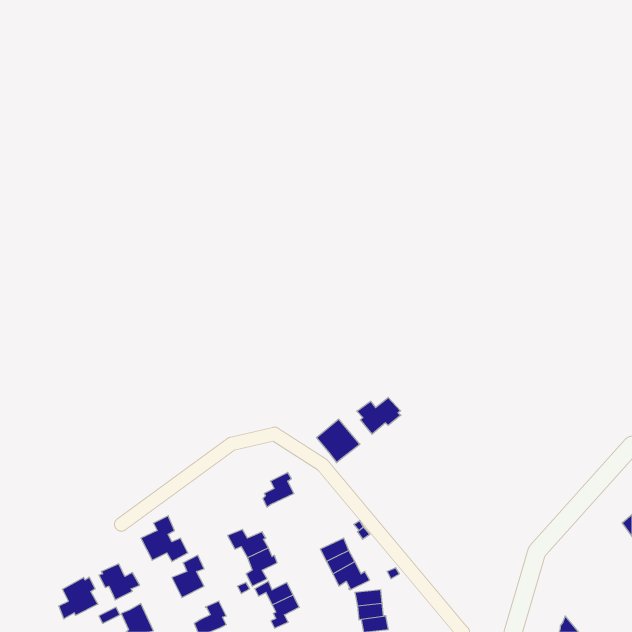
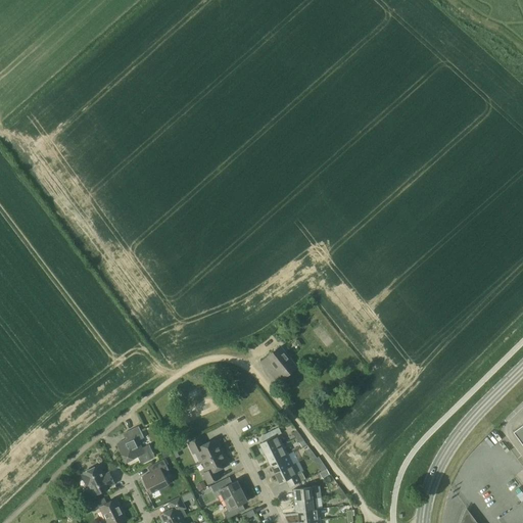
building: [357,397,401,434] -> none
building: [263,472,294,507] -> [258,427,284,456]
building: [59,577,98,619] -> none

